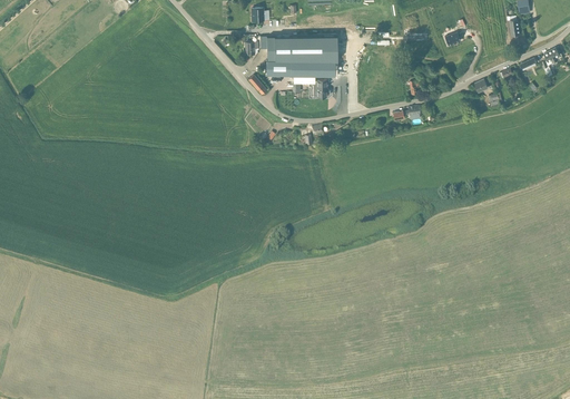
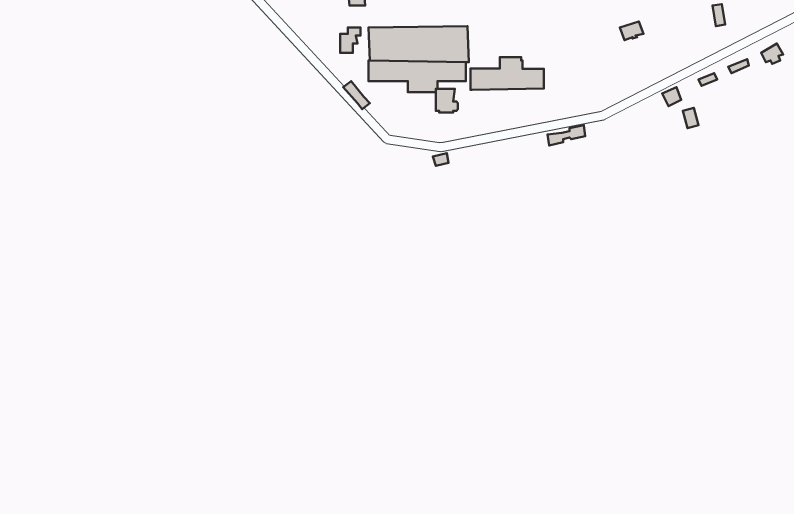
building: none -> [470,57,544,90]

